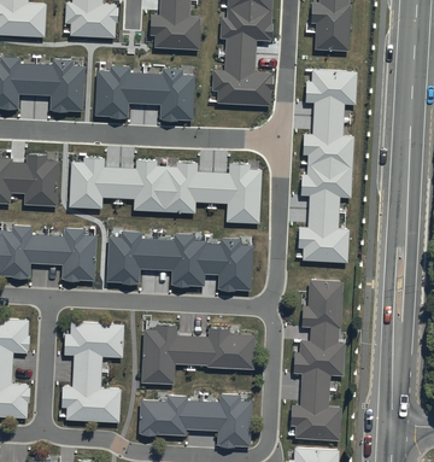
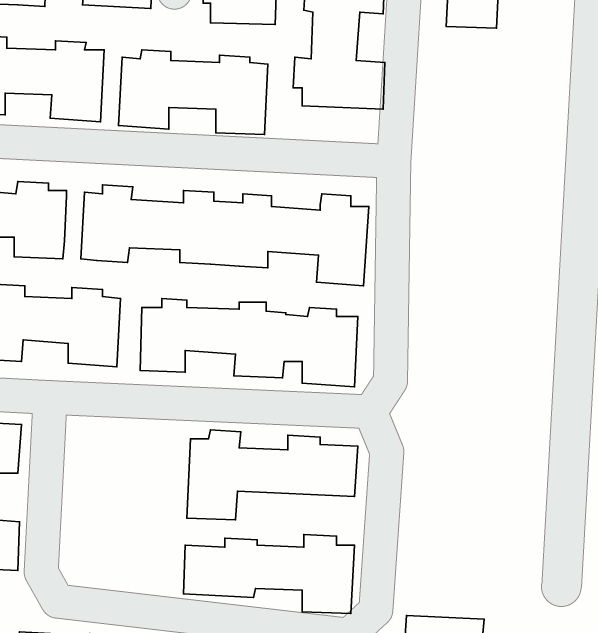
building: [298,71,357,262] -> none
building: [289,277,344,438] -> none
building: [59,320,123,420] -> none

